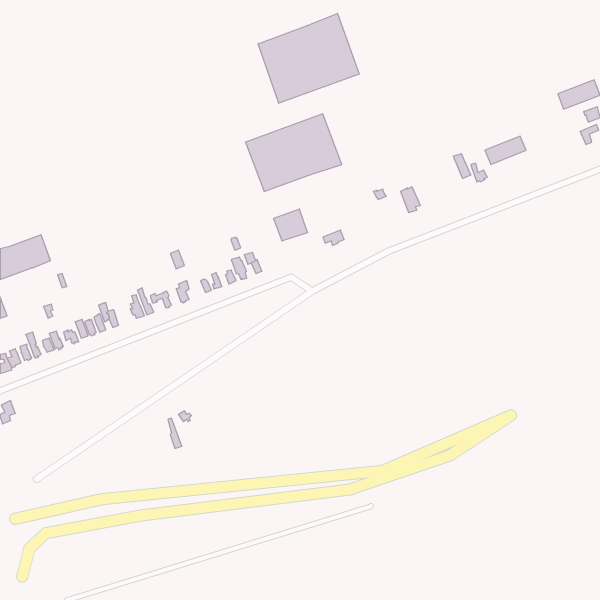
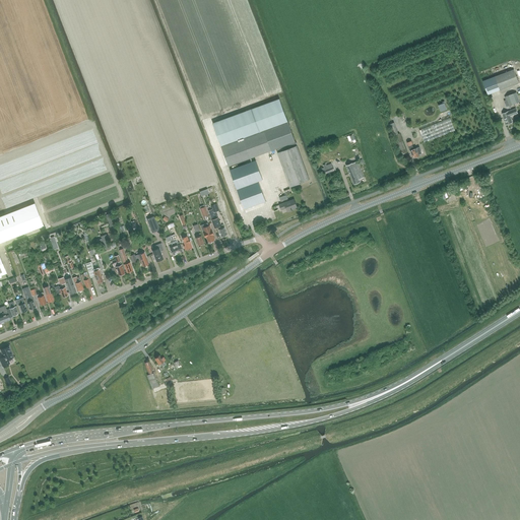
building: [258,13,359,103] -> none
building: none -> [277,142,310,187]
building: none -> [230,160,262,189]

